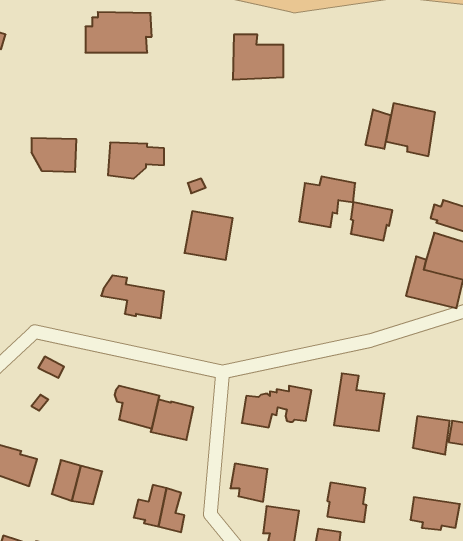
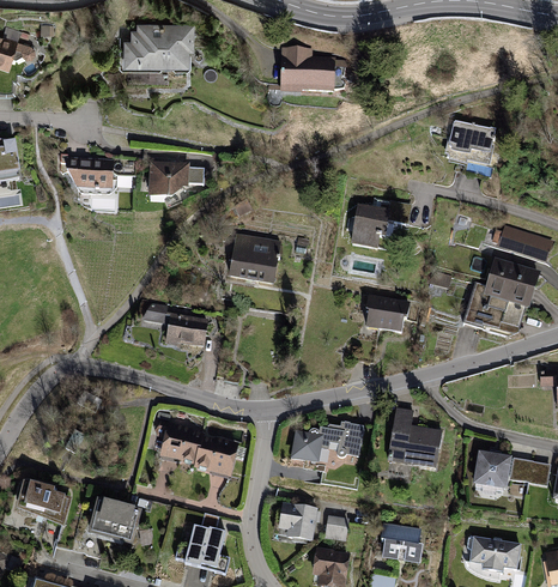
building: [366,109,391,149] -> none
building: [351,202,392,241] -> [366,294,411,334]
building: none -> [325,514,350,540]

